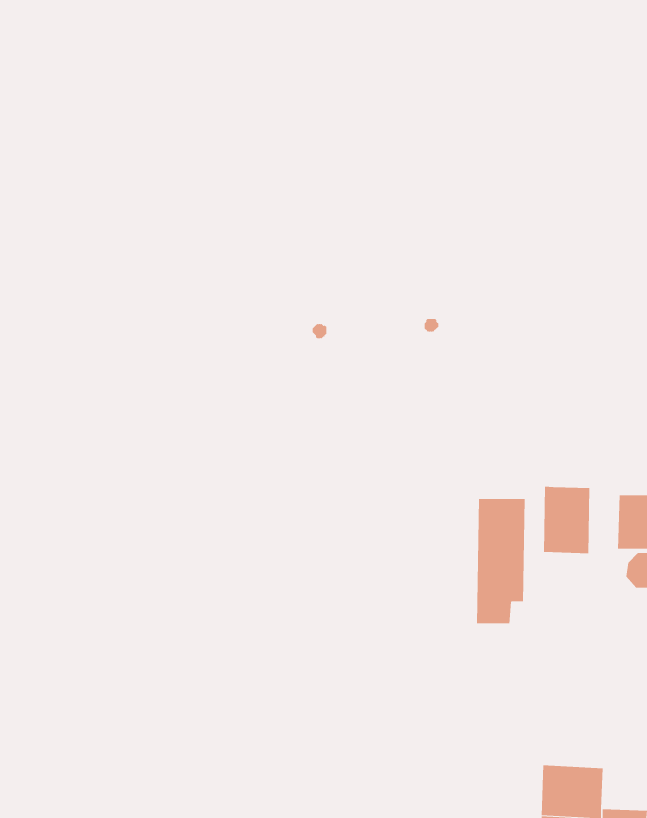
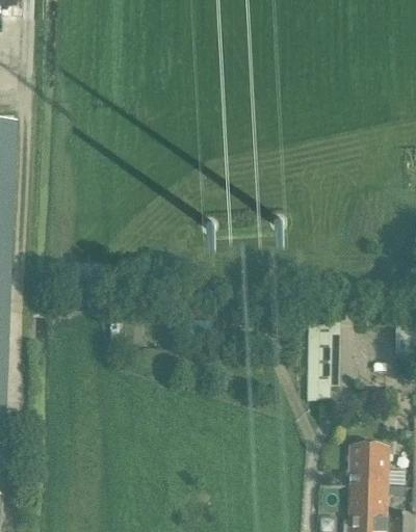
building: [544,486,590,554] -> none
building: none -> [348,444,387,484]

